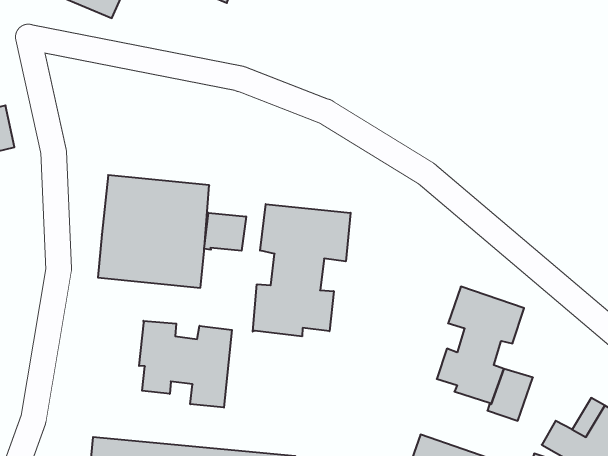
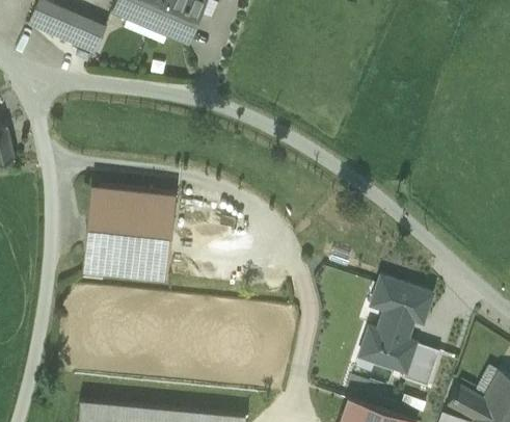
building: [253,204,351,336] -> none
building: [204,213,246,251] -> none
building: [139,321,232,408] -> none

